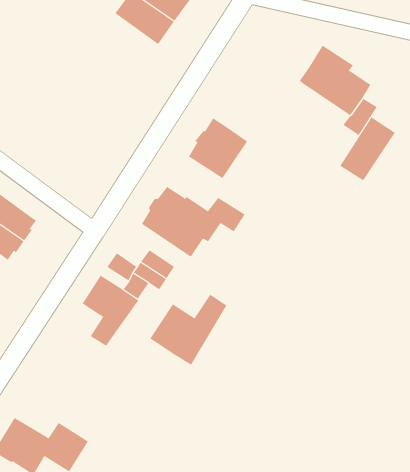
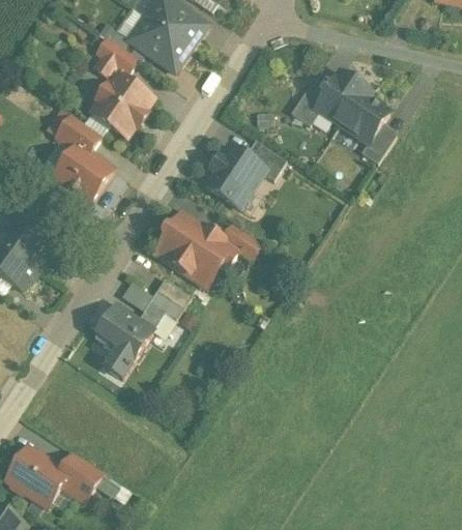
building: none -> [92,38,136,77]
building: none -> [90,73,152,137]
building: none -> [290,82,325,124]
building: none -> [53,114,111,202]
building: none -> [243,139,285,179]
building: [340,116,395,181] -> none
building: [150,294,227,365] -> none

